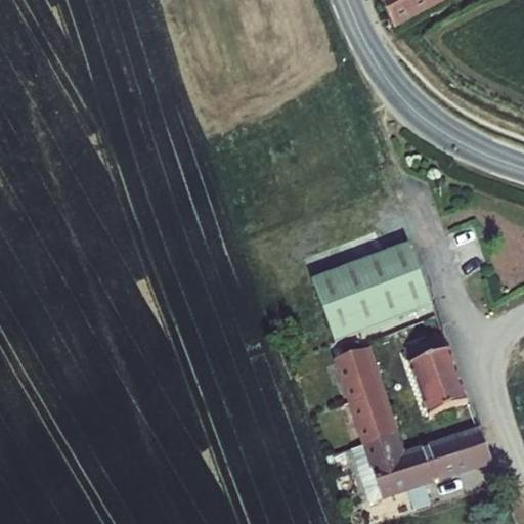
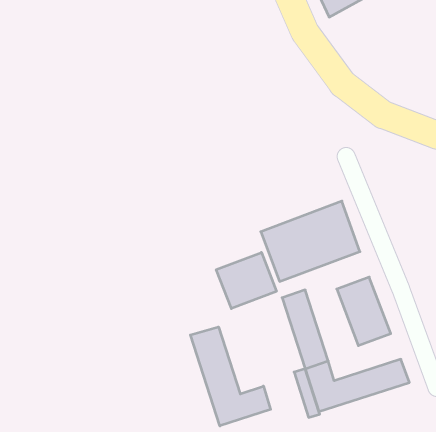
building: none -> [216,252,276,309]
building: none -> [190,327,271,426]

